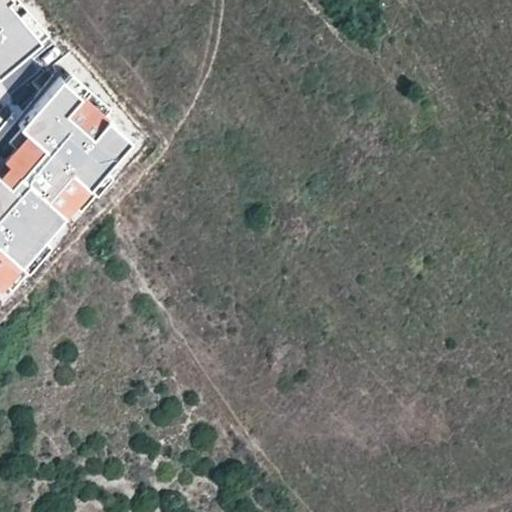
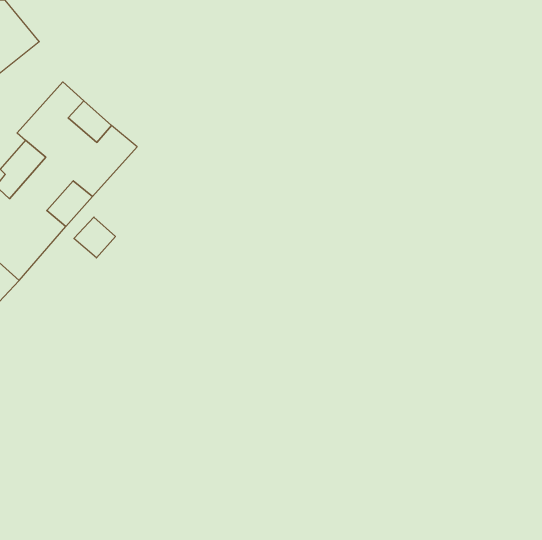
building: none -> [74,217,115,258]

